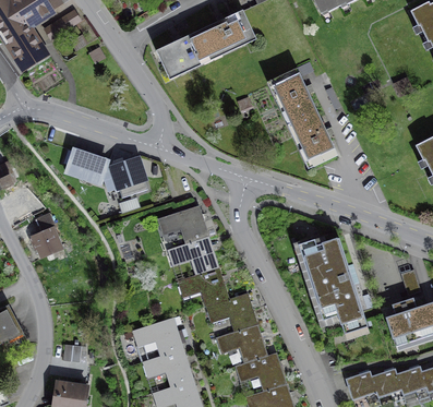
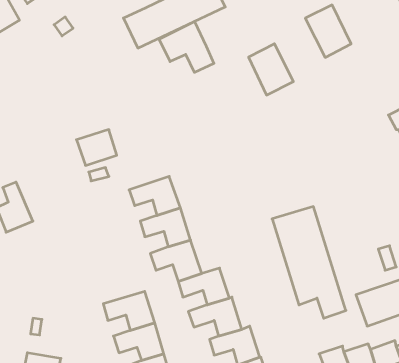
building: none -> [159,21,214,72]
building: [293,112,338,164] -> [305,5,351,57]
building: [68,149,109,185] -> none

